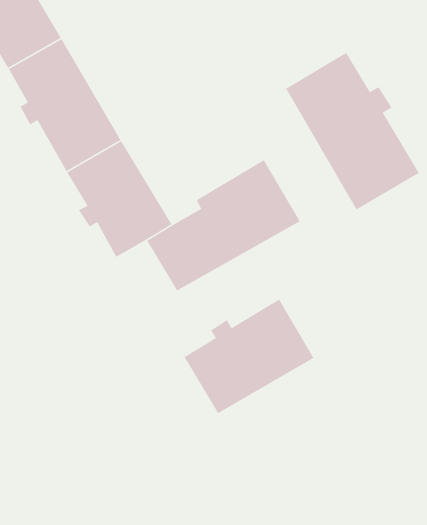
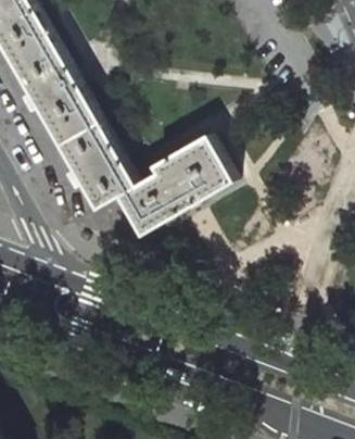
building: [285,52,420,210] -> none
building: [183,299,315,414] -> none

